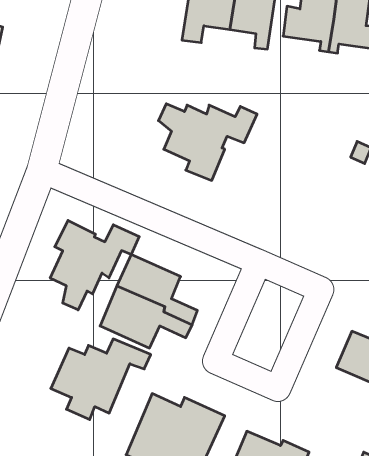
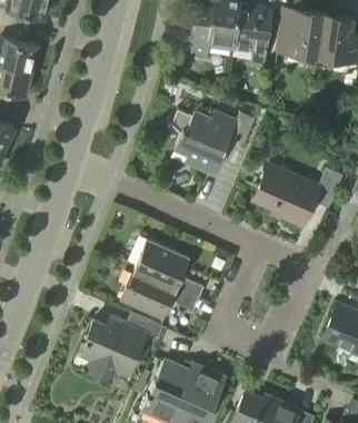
building: none -> [253,164,344,227]
building: [50,220,139,310] -> none

